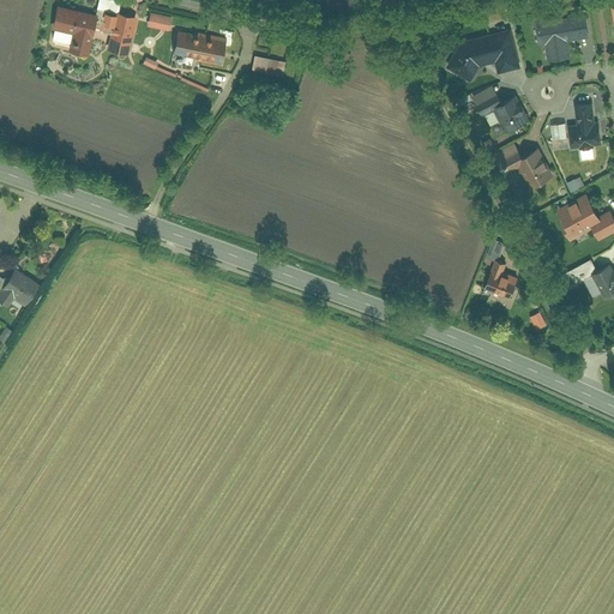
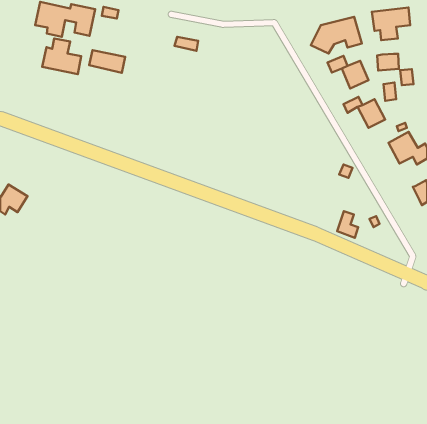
building: [173,34,224,66] -> [89,50,125,73]
building: none -> [42,38,81,74]
building: [570,125,601,149] -> [377,54,399,70]
building: [484,260,514,299] -> [337,211,358,238]
building: [562,260,602,296] -> none

